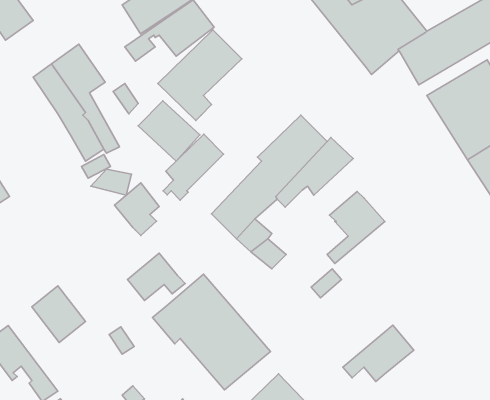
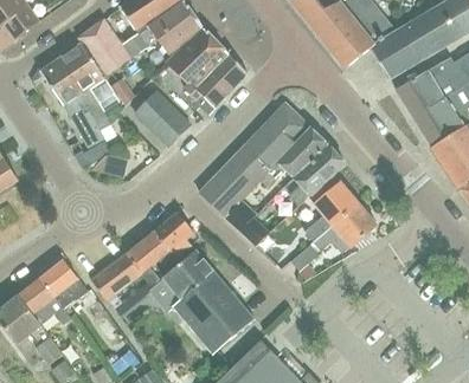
building: none -> [79,19,130,77]
building: [163,134,224,200] -> [192,56,246,115]
building: none -> [290,147,345,206]
building: [114,183,159,236] -> [154,210,194,258]
building: none -> [92,254,141,300]
building: none -> [18,279,70,355]
building: [343,325,414,382] -> [313,202,377,253]

